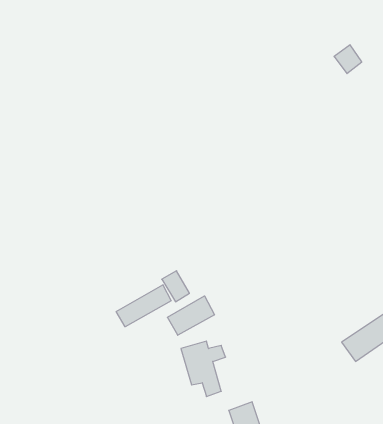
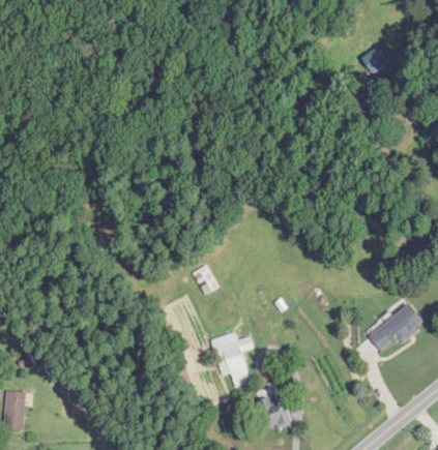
building: [116,285,171,327] -> none
building: [167,296,214,335] -> none

